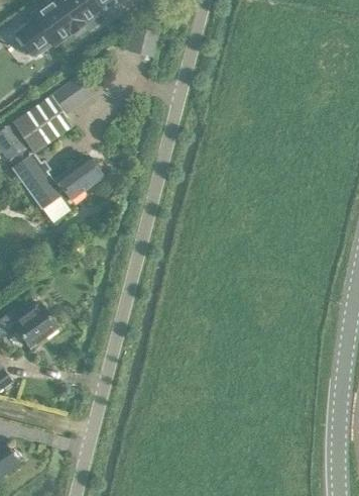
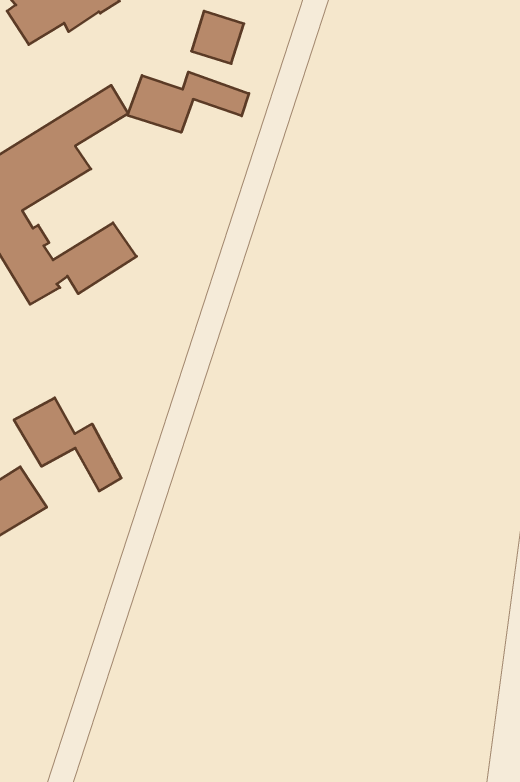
building: none -> [128,72,249,132]
building: none -> [14,398,121,491]

